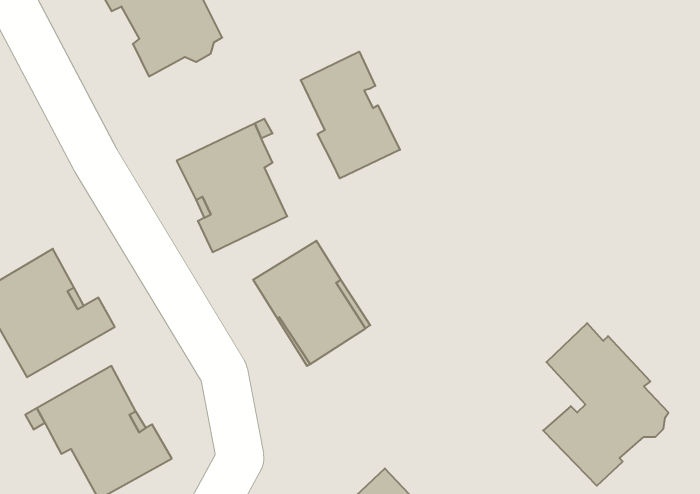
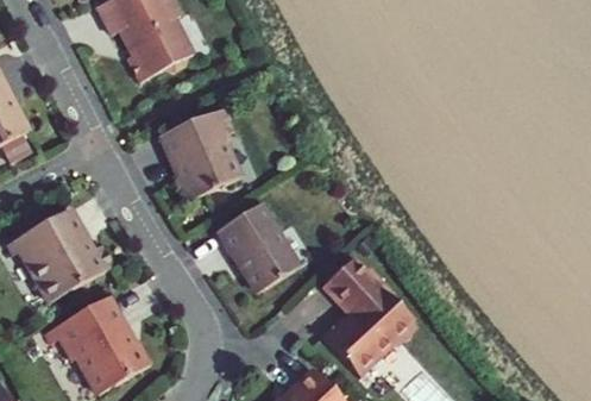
building: [301,52,400,178] -> none
building: [543,323,668,486] -> [321,257,413,376]

